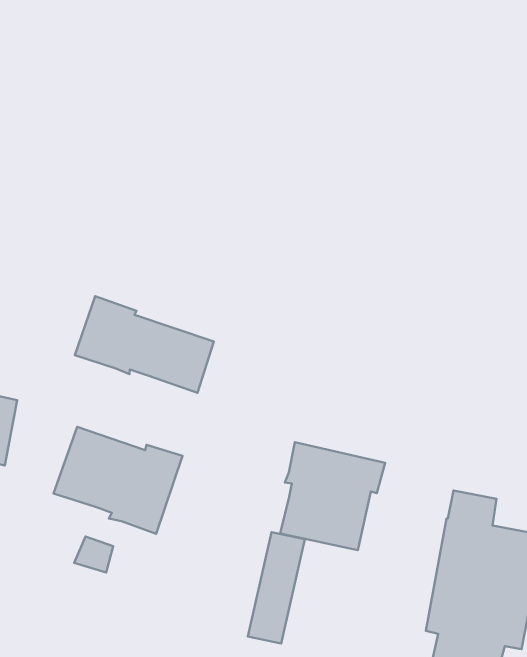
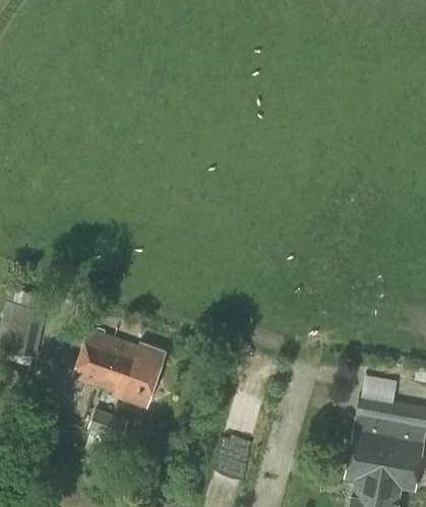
building: [75,296,214,393] -> none
building: [280,442,385,550] -> none

